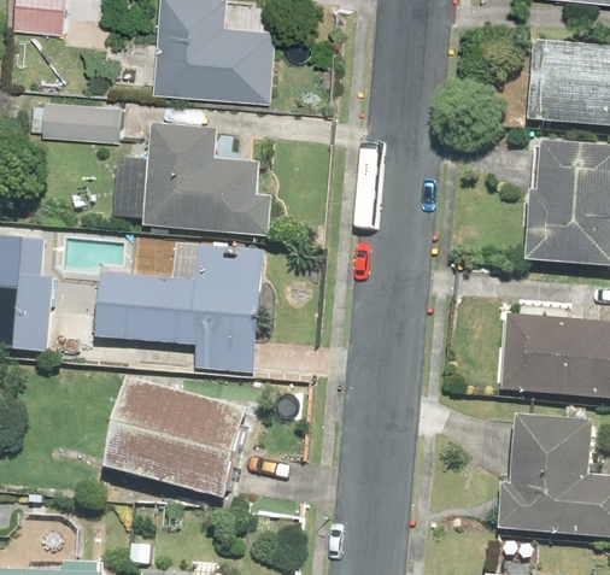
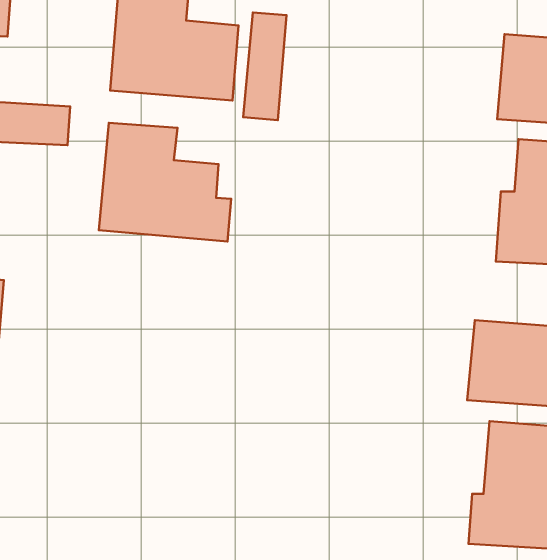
building: none -> [243,12,287,120]
building: [93,246,262,372] -> none
building: [108,370,254,497] -> none

